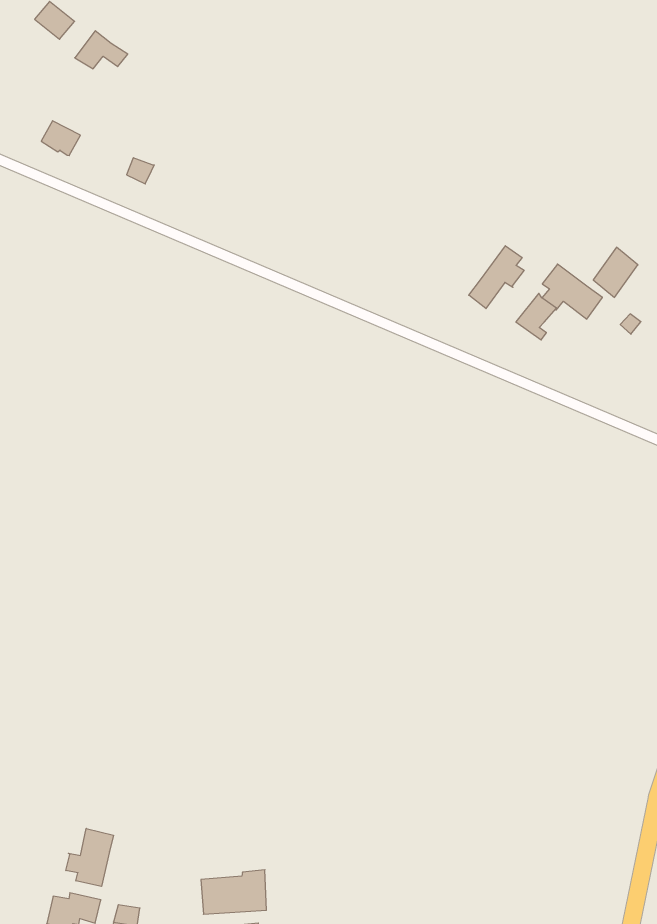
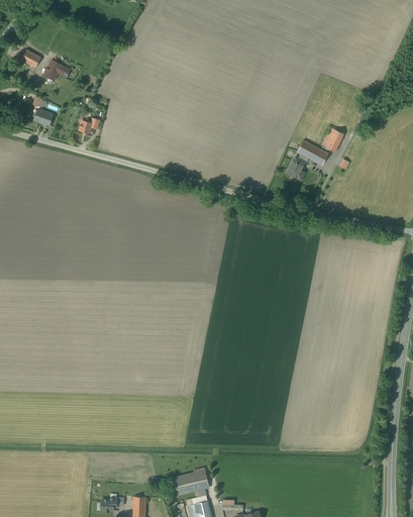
building: [469,246,524,309] -> none
building: [66,828,113,886] -> none

